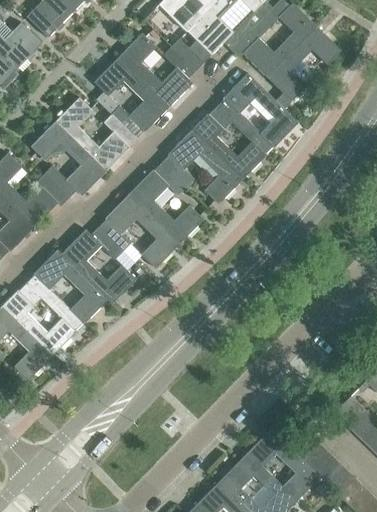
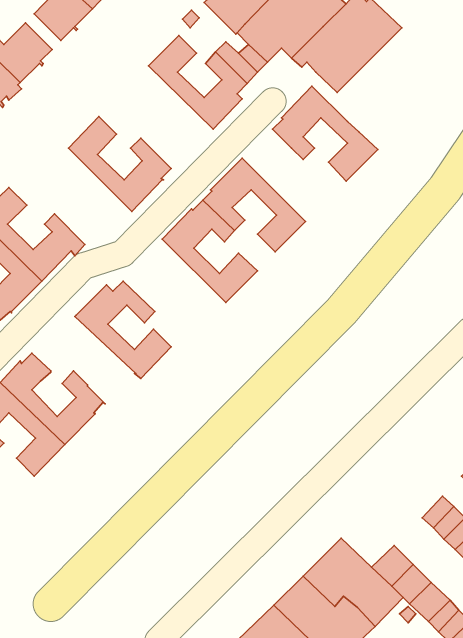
building: [267,27,343,109] -> none
building: [93,57,169,138] -> none
building: [192,107,274,180] -> none
building: [31,122,105,198] -> none
building: [98,194,179,269] -> none
building: [26,250,108,324] -> none

